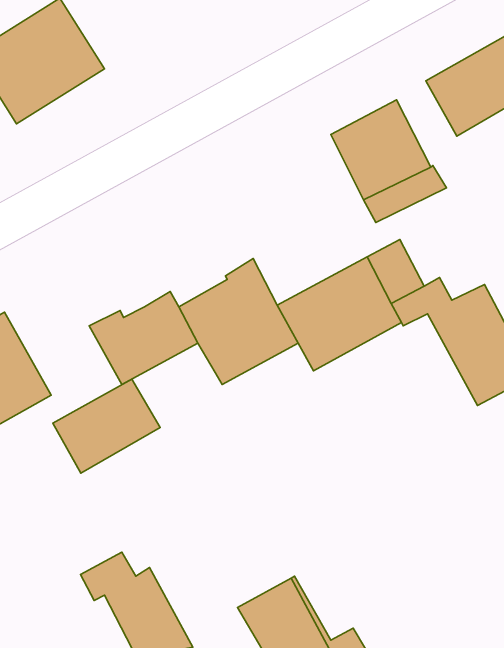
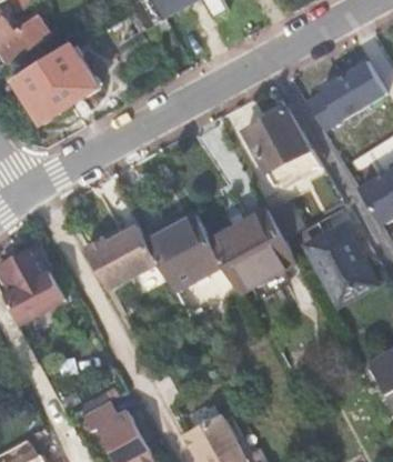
building: [53,379,160,473] -> none

